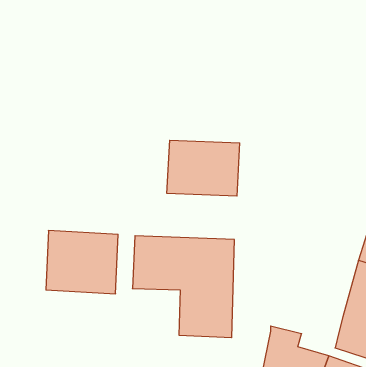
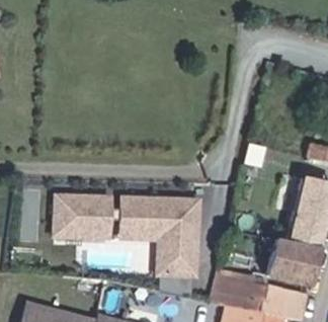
building: [167,140,240,196] -> none

